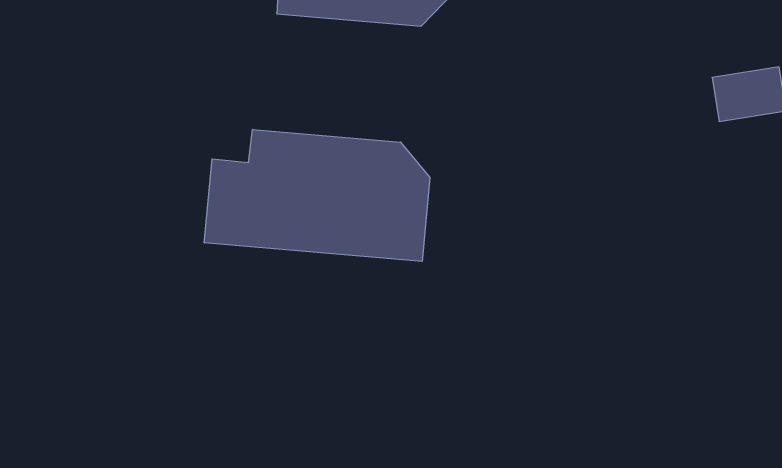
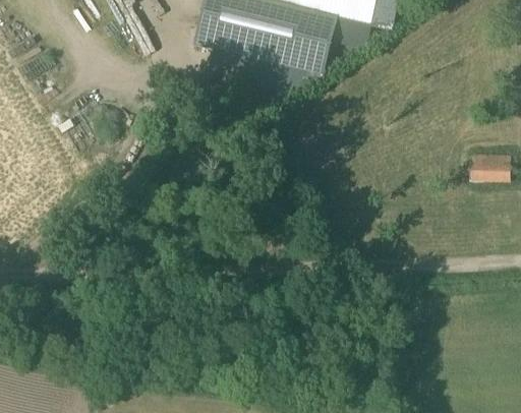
building: [204,129,430,261] -> none

